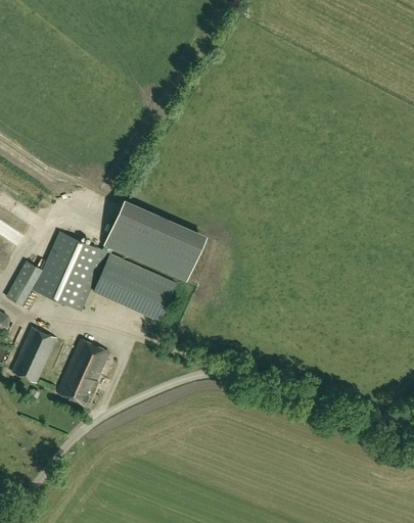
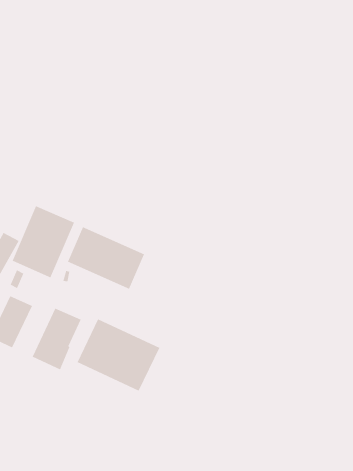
building: [104,206,203,282] -> none
building: none -> [77,319,160,392]

